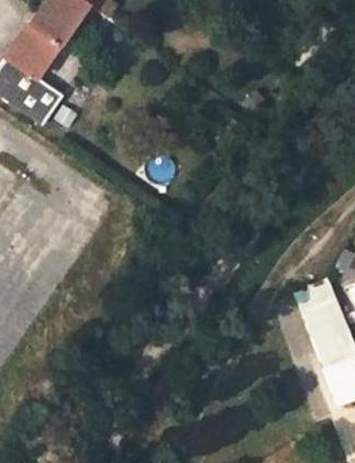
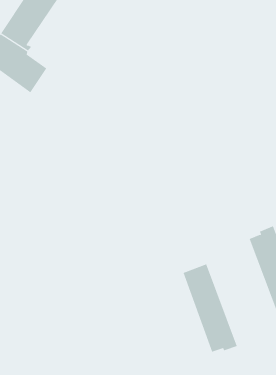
building: none -> [183,264,237,352]

